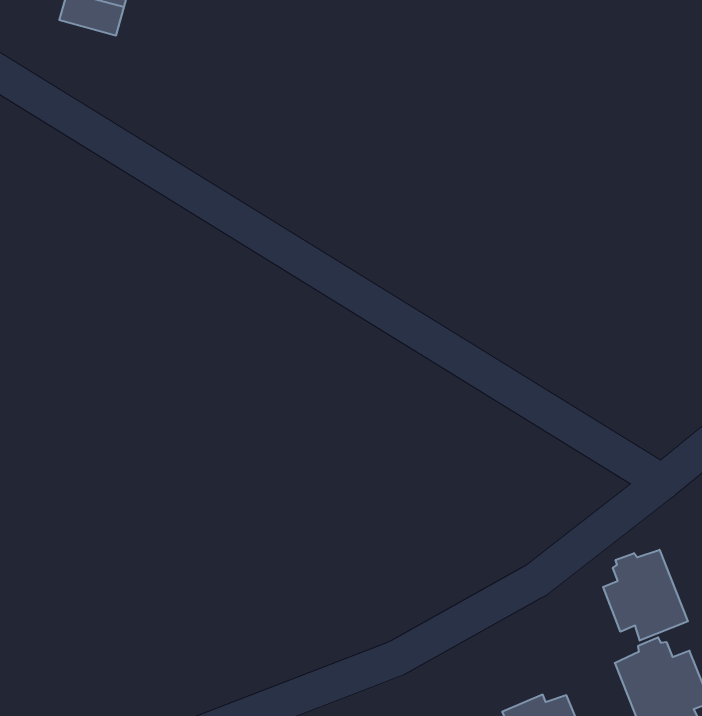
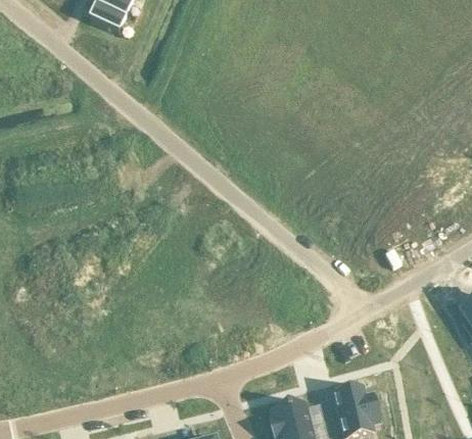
building: [603,550,688,641] -> none

